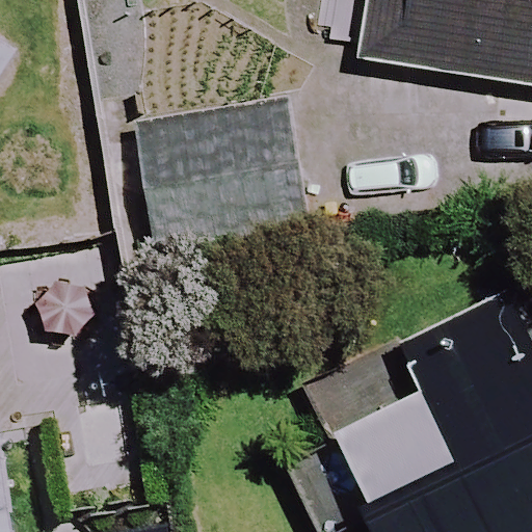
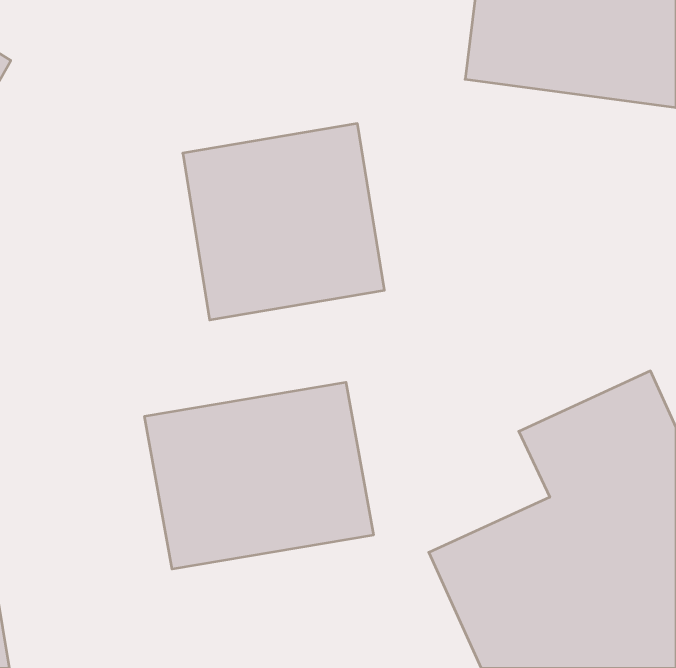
building: none -> [145,382,373,569]

